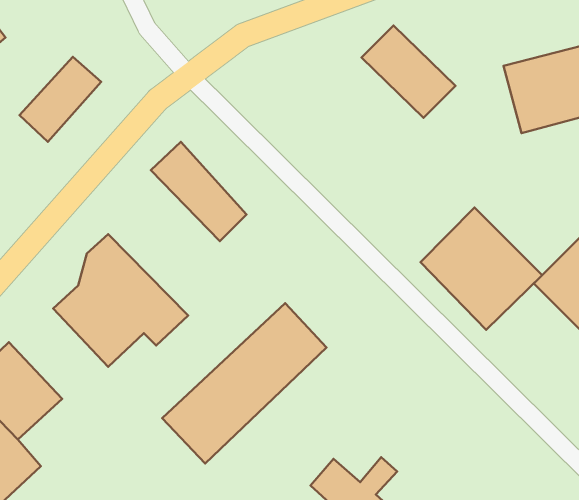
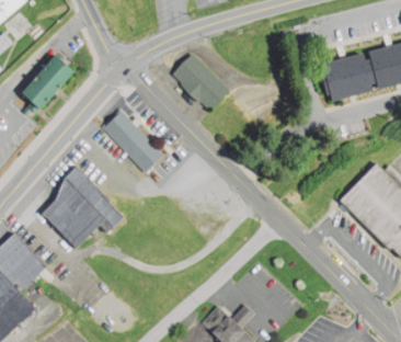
building: [361,26,455,118] -> [171,54,229,111]
building: [421,207,542,330] -> none
building: [162,303,327,463] -> none

